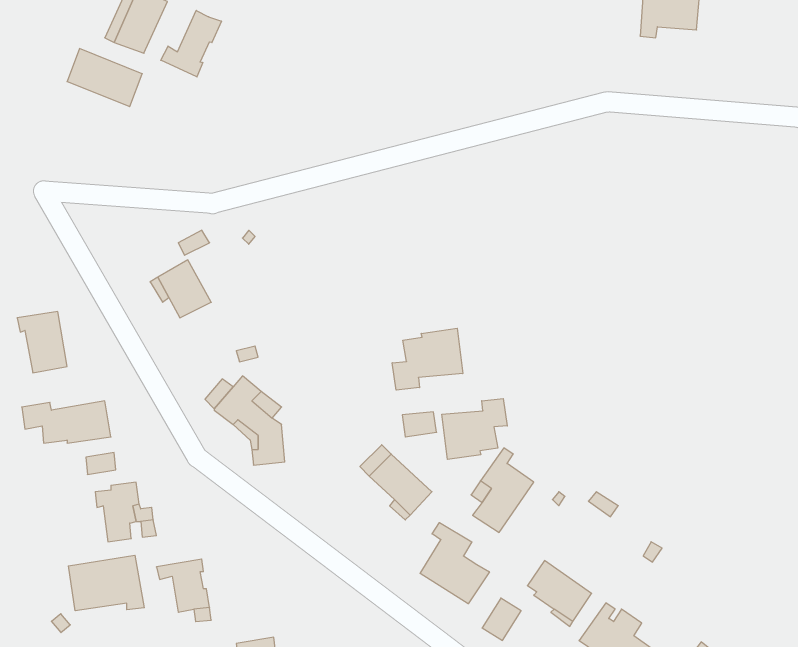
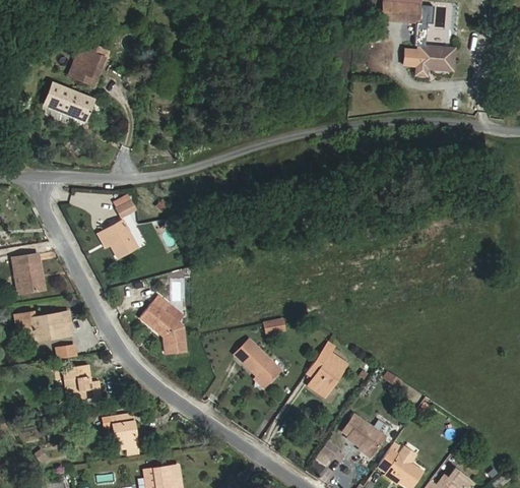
building: [161,10,221,77] -> none
building: [392,328,463,390] -> none
building: [442,399,507,459] -> none
building: [420,523,489,604] -> none
building: [68,555,144,611] -> none

